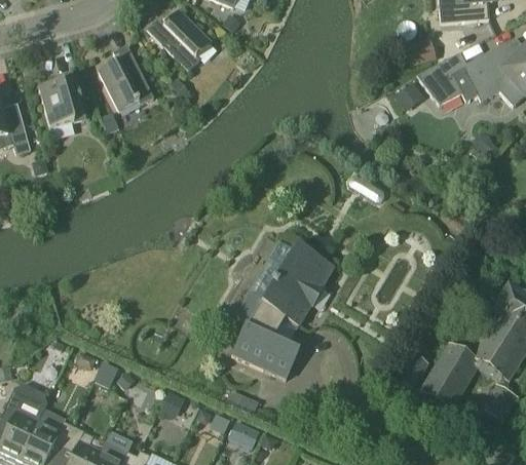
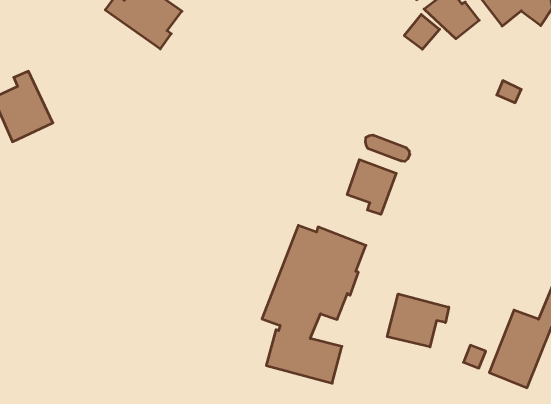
building: [98,45,153,110] -> none
building: none -> [347,160,396,214]
building: none -> [387,294,449,347]

